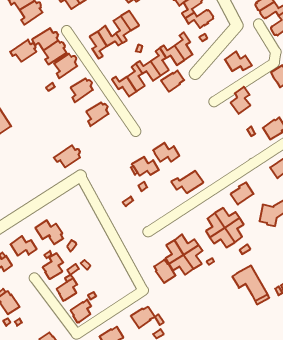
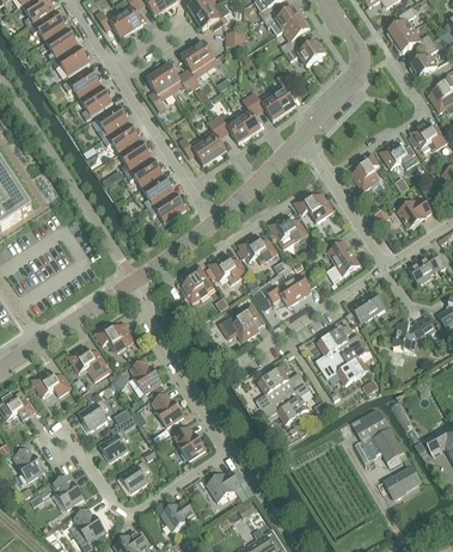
building: [10,39,36,62] -> [51,44,90,76]
building: [225,51,252,71] -> [379,140,418,168]
building: none -> [102,122,140,153]
building: [161,70,184,92] -> none
building: none -> [124,157,163,188]
building: none -> [293,192,332,221]
building: none -> [268,214,306,249]
building: [54,145,80,167] -> [147,191,185,223]
building: none -> [323,240,359,276]
building: none -> [179,264,214,303]
building: none -> [218,302,264,342]
building: none -> [94,324,133,351]
building: none -> [129,360,161,393]
building: none -> [151,393,183,427]
building: [154,260,176,283] -> [173,427,204,460]
building: none -> [384,466,420,497]
building: none -> [51,474,84,509]

